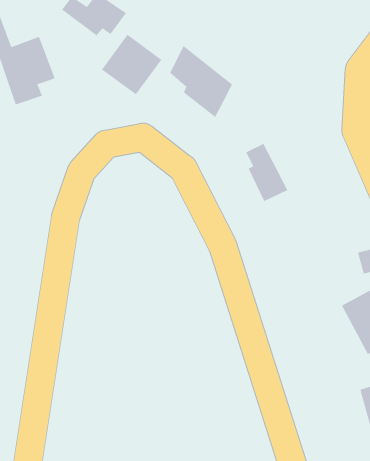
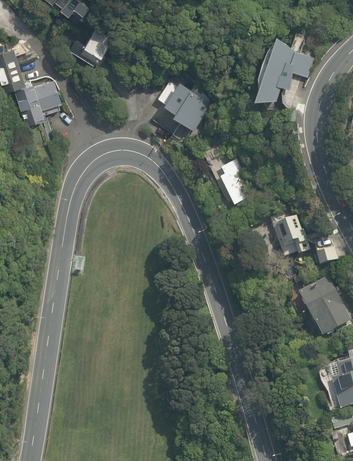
building: none -> [257,43,313,105]
building: [101,34,162,95] -> none
building: none -> [270,213,313,257]

